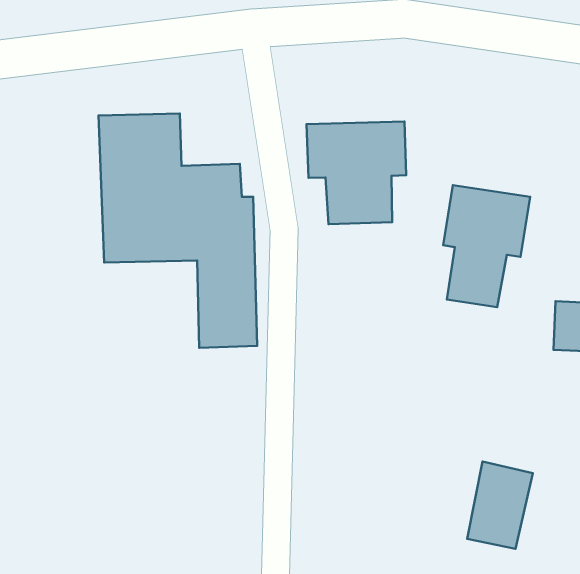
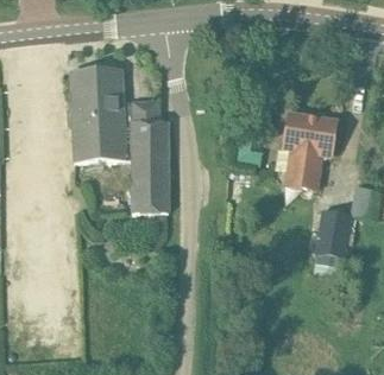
building: [307,122,406,224] -> none
building: [467,462,533,549] -> [310,211,351,265]

